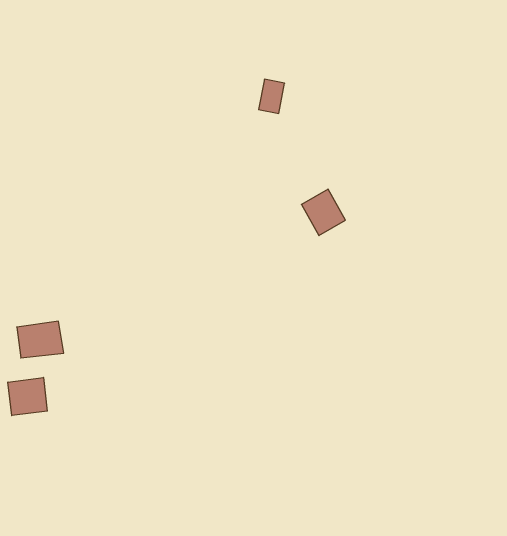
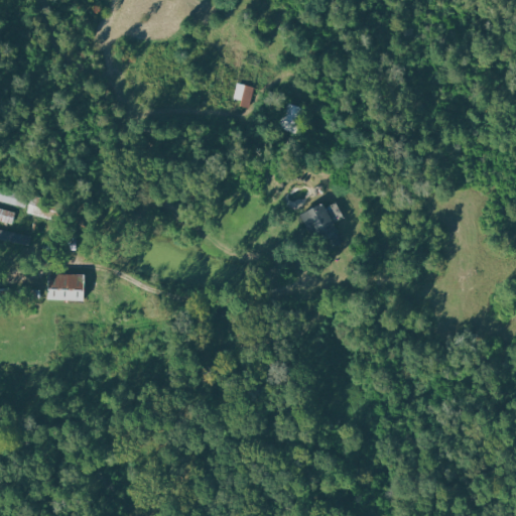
building: none -> [235,84,255,108]
building: [8,377,47,416] -> none

